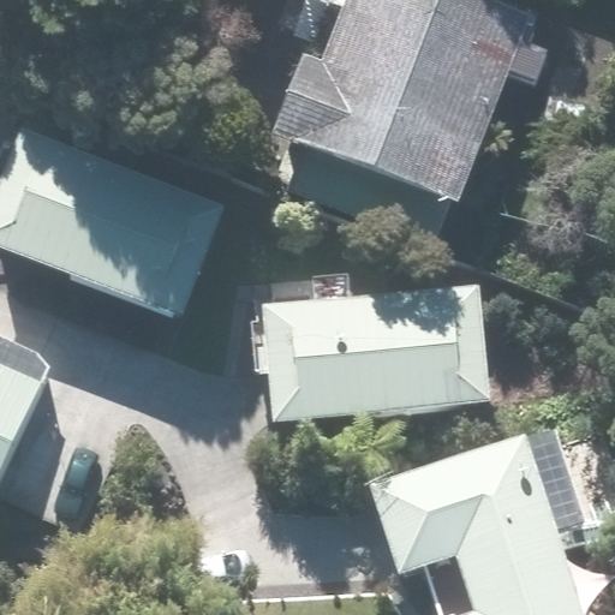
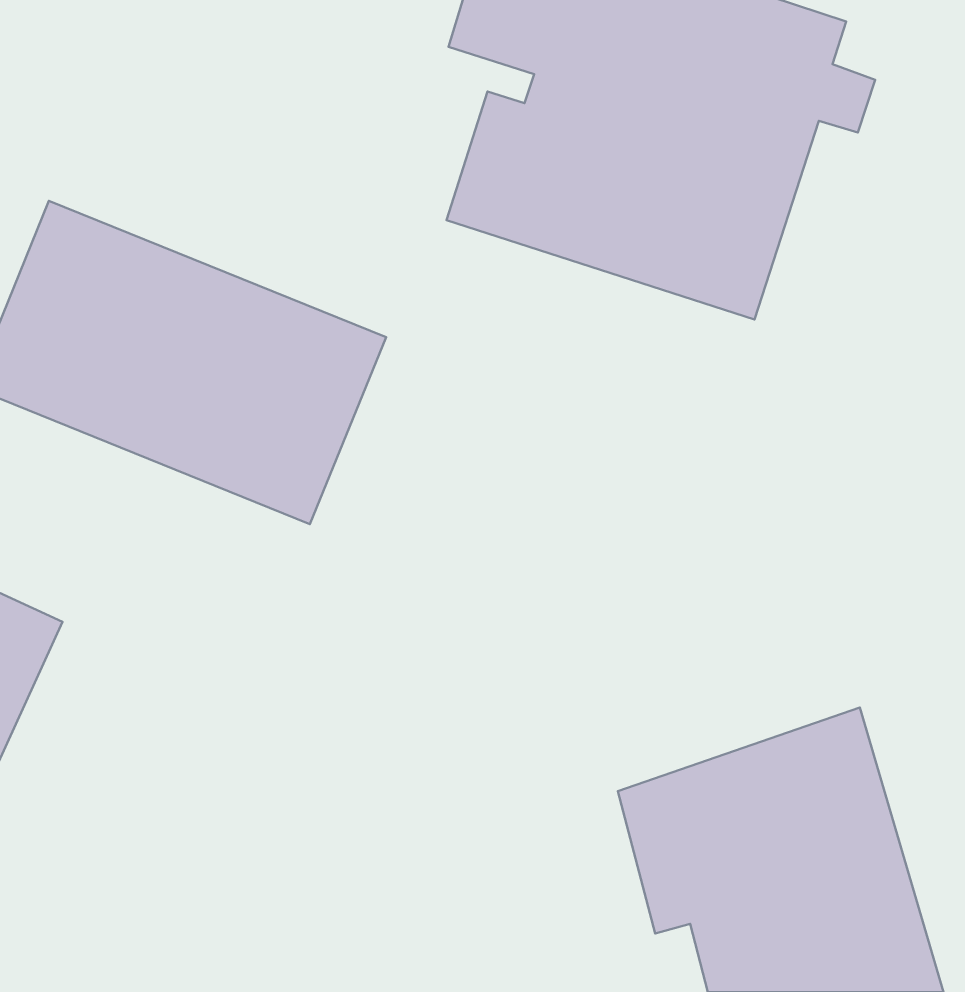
building: [264,285,492,423] -> none

